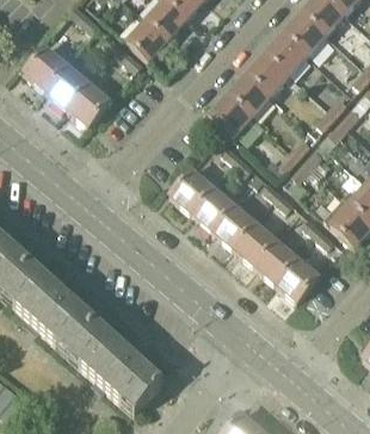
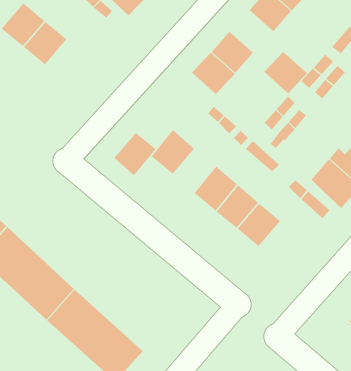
building: [247,51,290,93] -> [264,51,308,94]
building: [68,80,111,124] -> none
building: [192,186,234,229] -> [113,132,156,176]
building: [276,256,319,299] -> none

